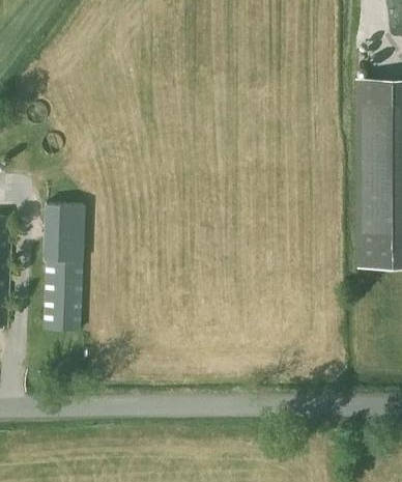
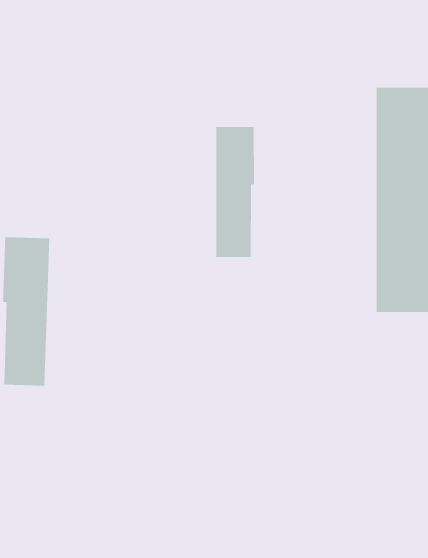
building: none -> [215,126,255,258]

